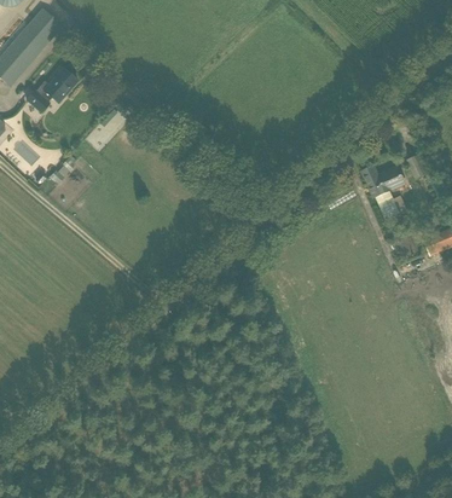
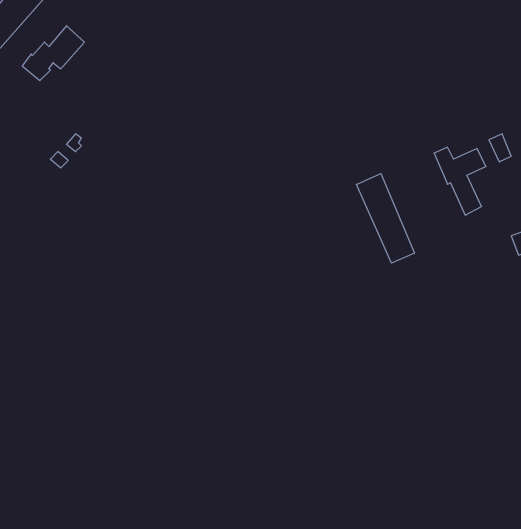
building: none -> [356,174,414,263]

